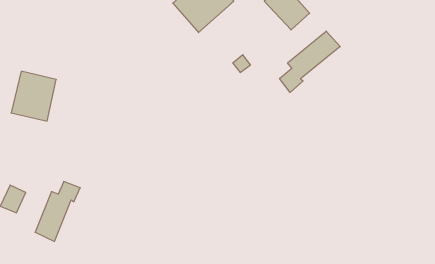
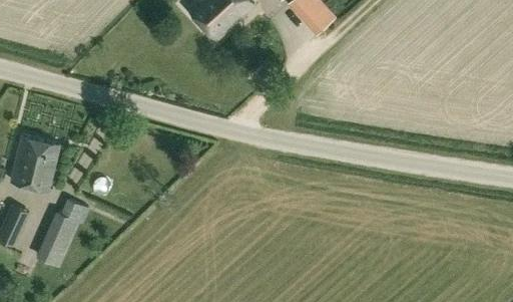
building: [280,31,340,92] -> none
building: [11,71,56,121] -> [10,135,59,190]

